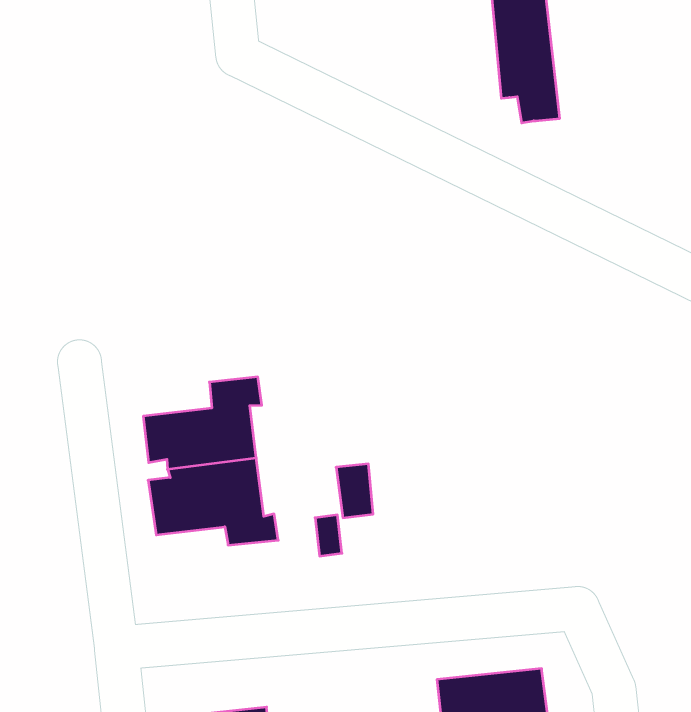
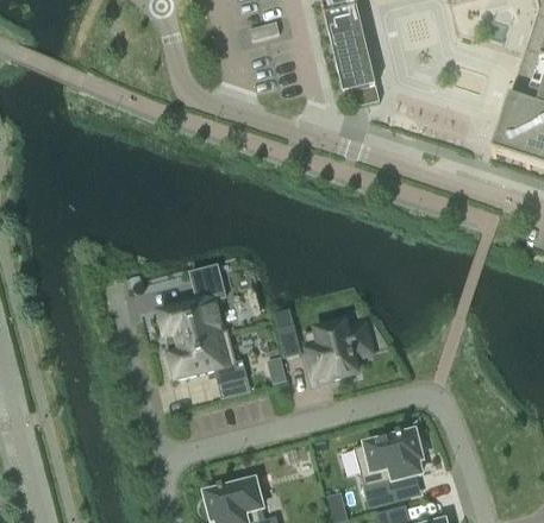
building: none -> [304,320,375,384]

